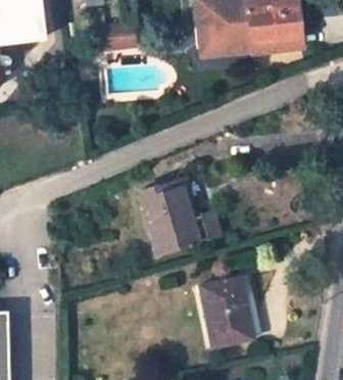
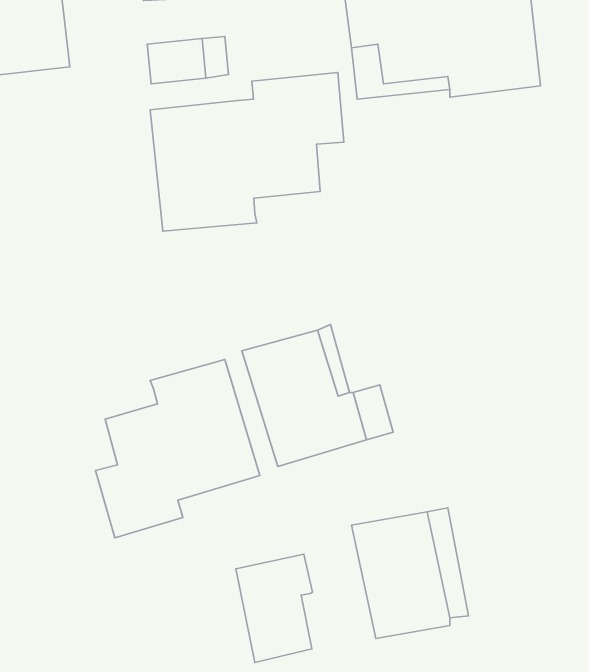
building: none -> [150,72,344,231]
building: none -> [96,359,260,538]
building: none -> [236,554,313,663]

